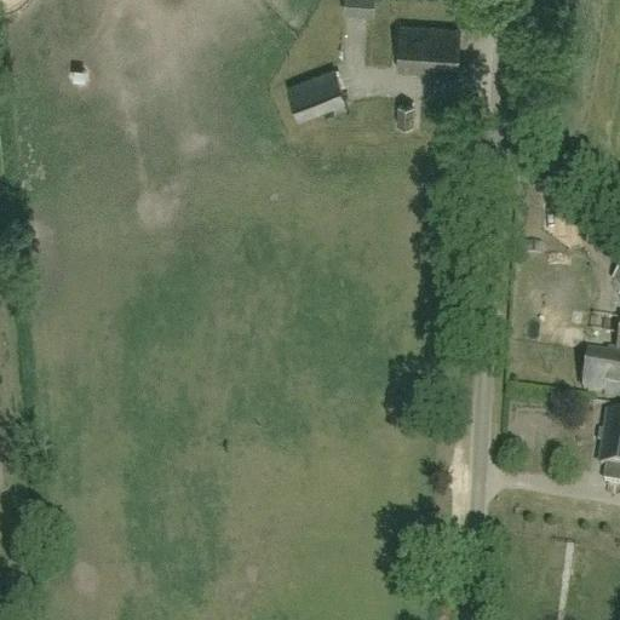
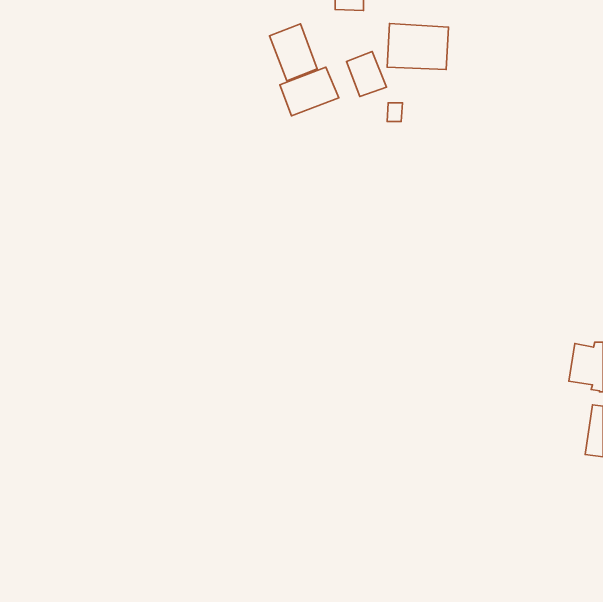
building: none -> [269,24,317,81]
building: none -> [346,52,386,97]

